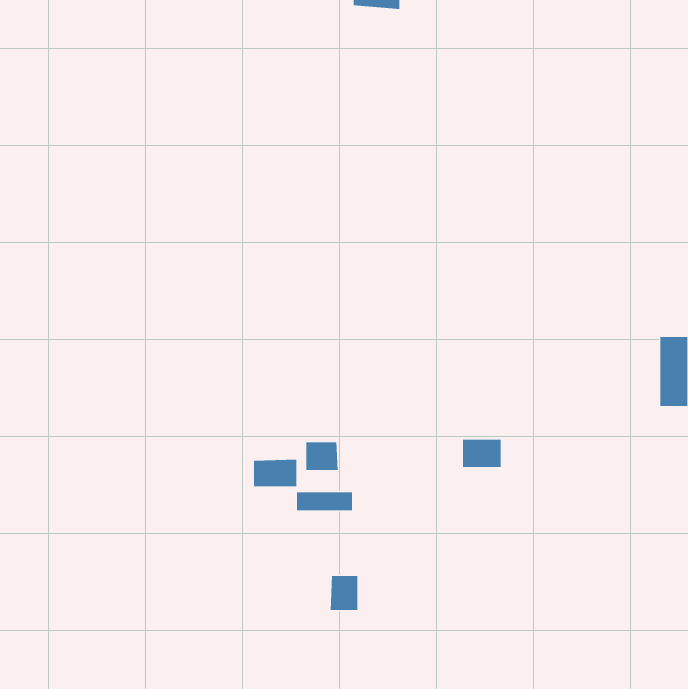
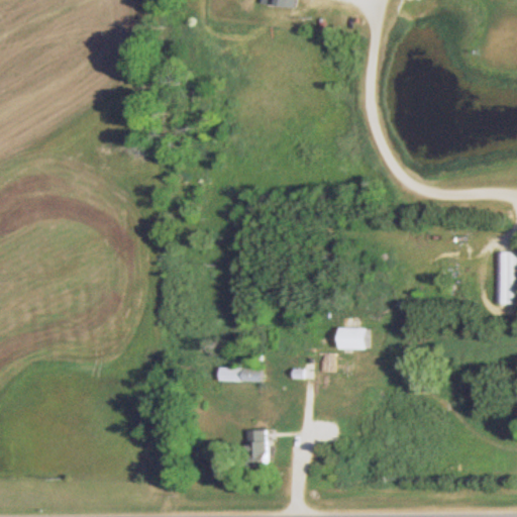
building: [306,441,338,471] -> none
building: [254,459,297,487] -> none

